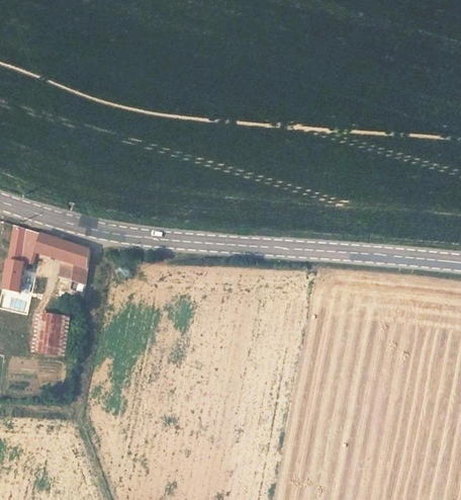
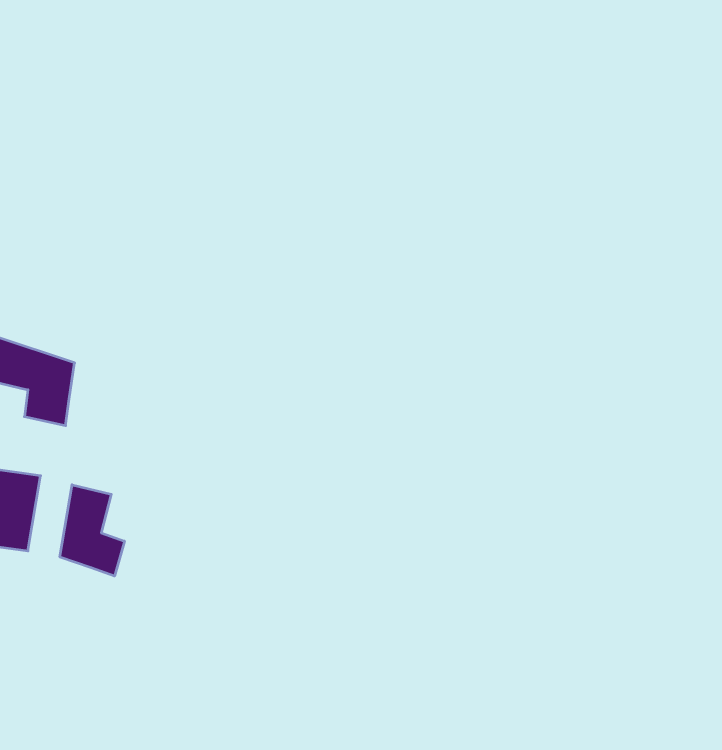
building: none -> [60,485,124,576]

